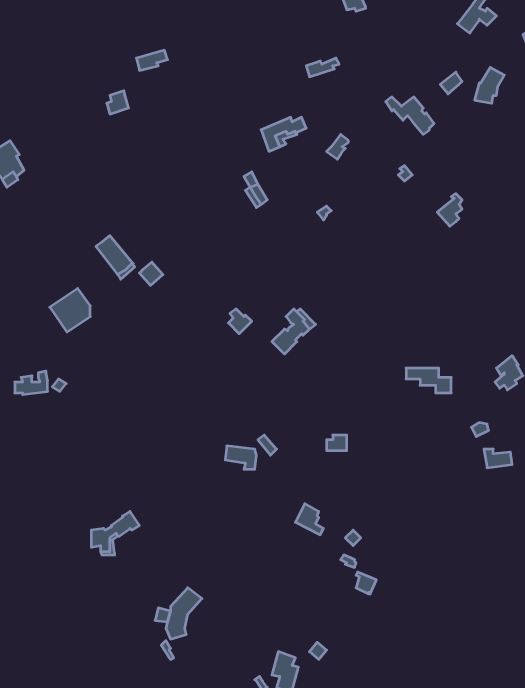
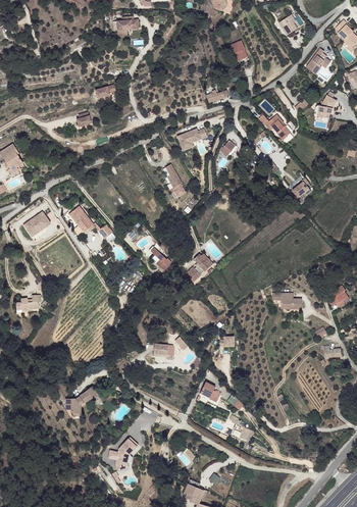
building: [50,288,90,332] -> [23,212,50,241]

